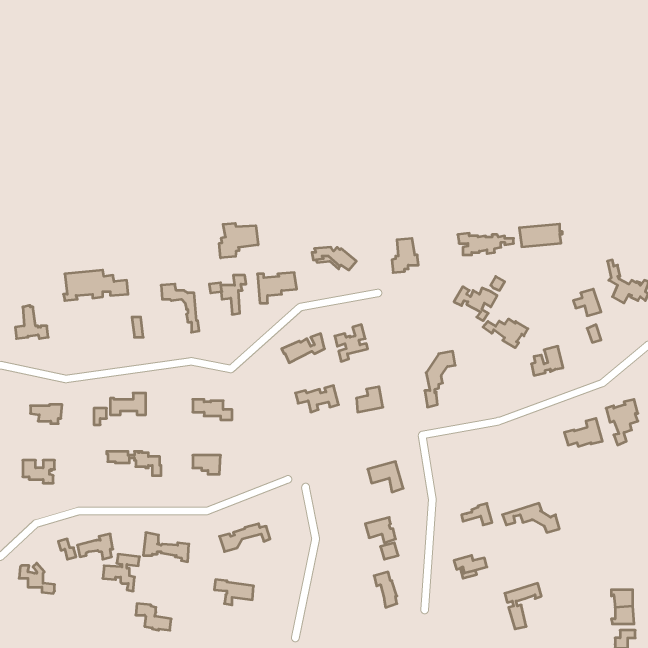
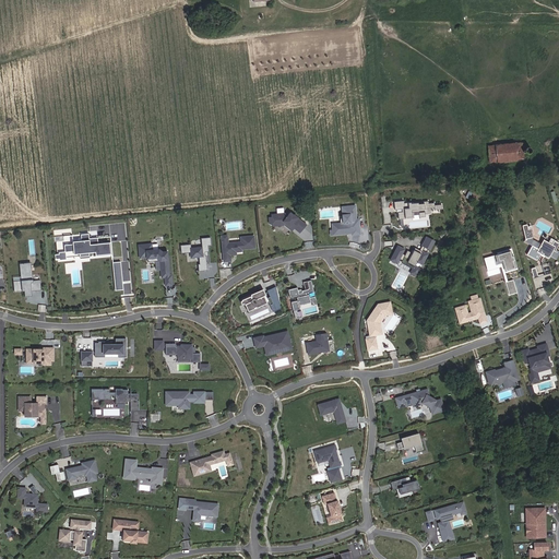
building: [219,223,258,258] -> none
building: [519,224,562,247] -> [488,143,525,163]
building: [483,319,528,348] -> none
building: [502,503,559,532] -> [395,389,444,414]
building: [103,554,140,591] -> [59,520,91,551]

